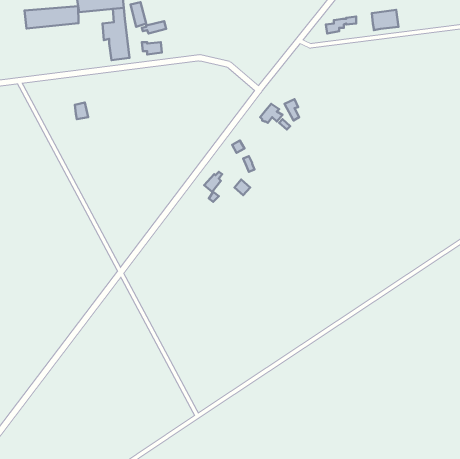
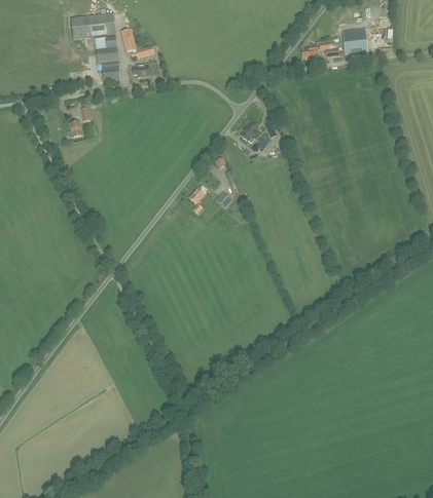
building: [25,6,78,28] -> none

